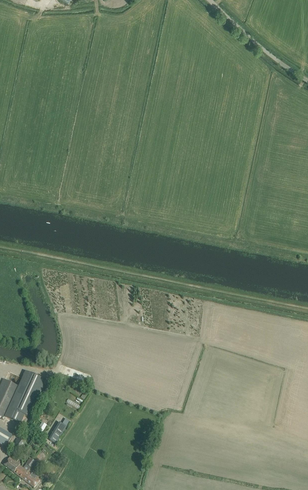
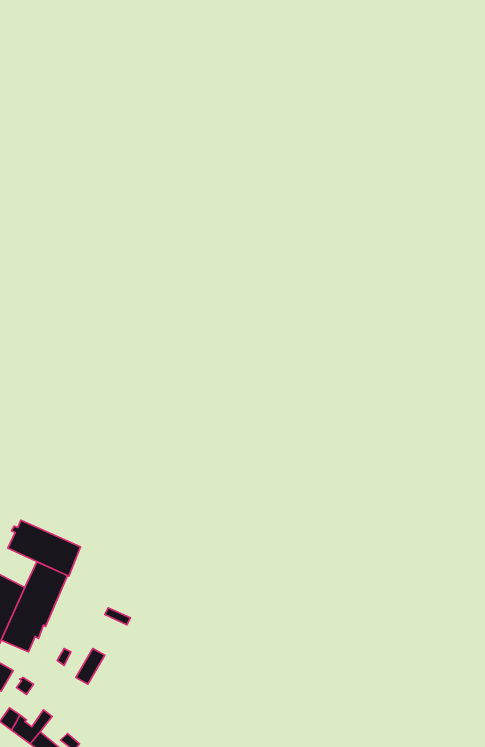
building: none -> [8,520,80,576]

